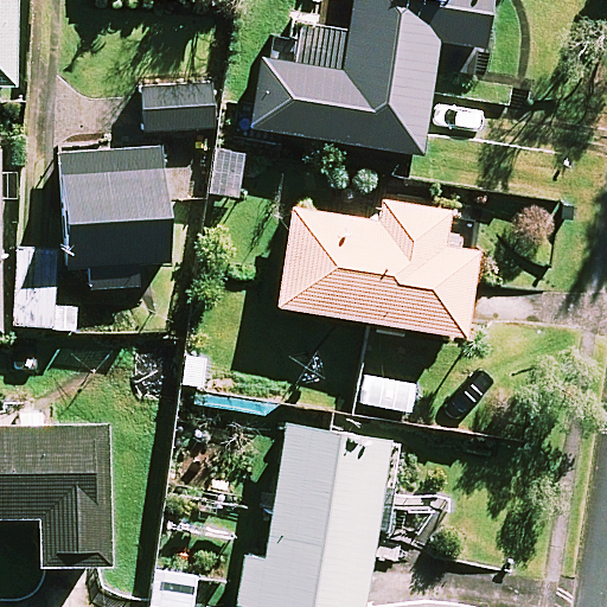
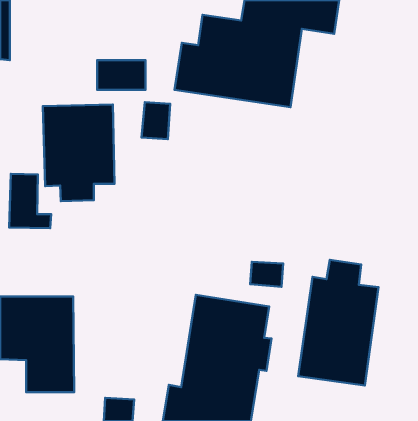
building: [280,194,477,336] -> none
building: none -> [298,260,378,386]

